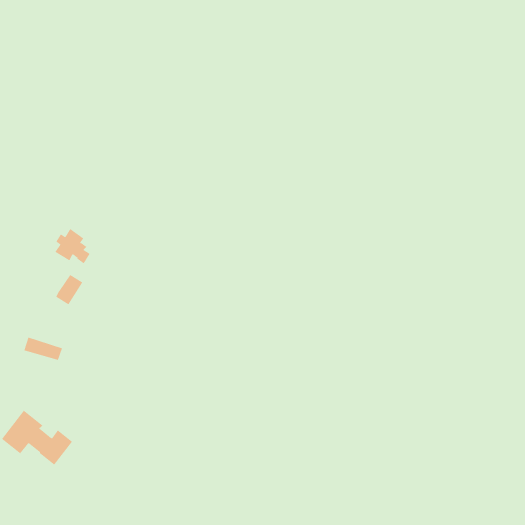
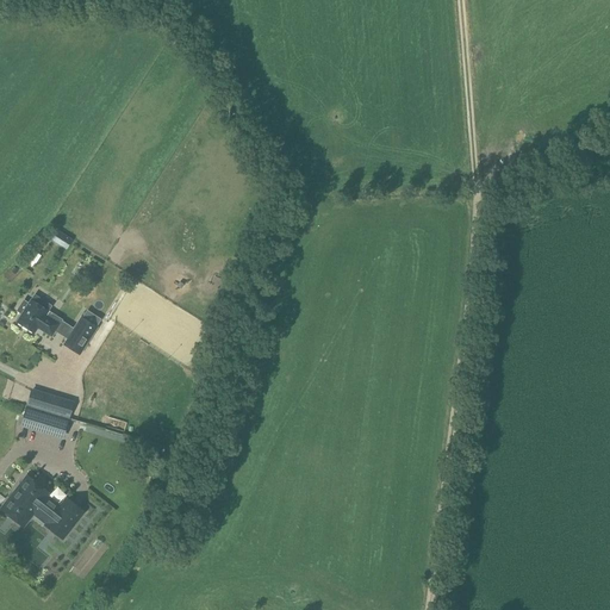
building: [54,228,90,264] -> [17,294,58,336]
building: none -> [21,406,68,436]

